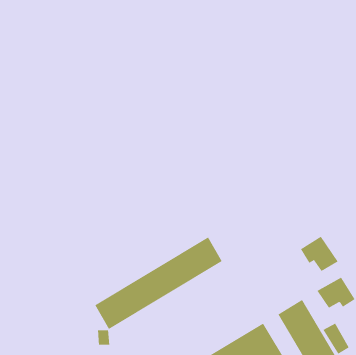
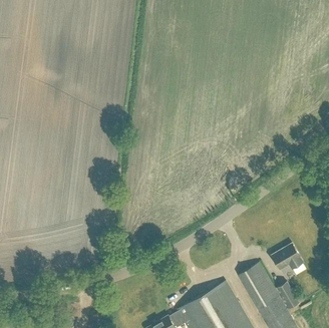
building: [300,236,339,272] -> none
building: [95,236,222,330] -> none

